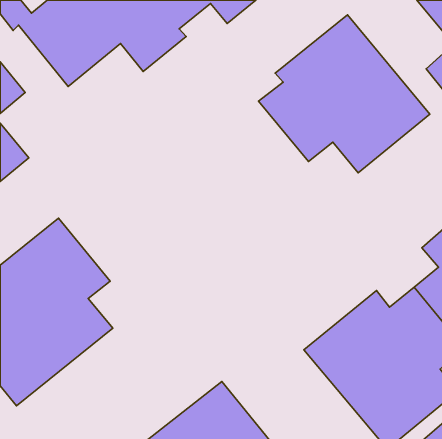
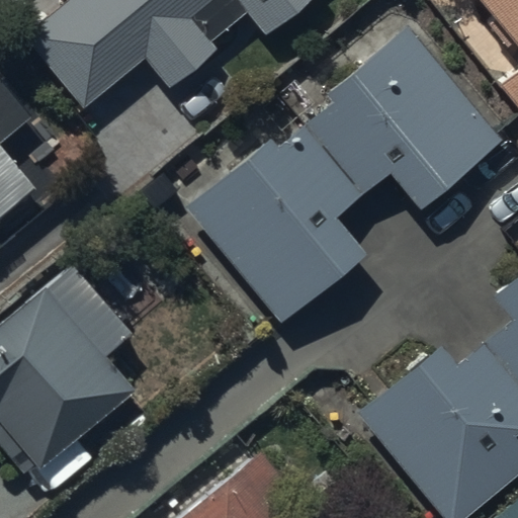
building: none -> [184,125,368,324]

